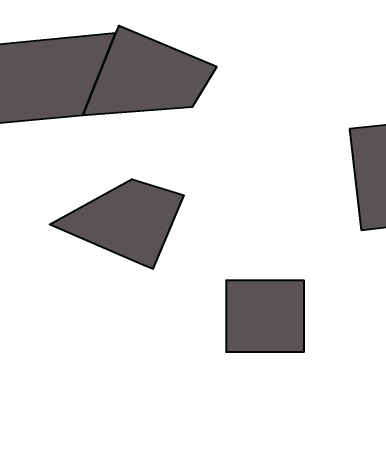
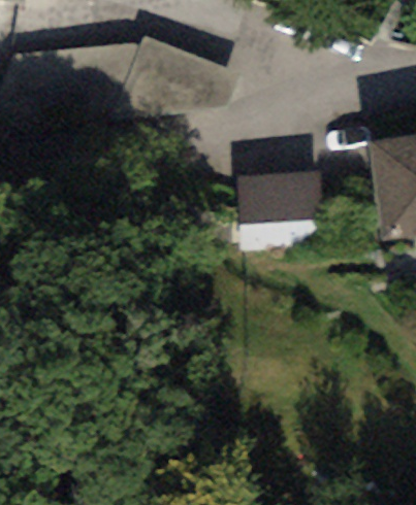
building: [50,179,184,269] -> none
building: [226,280,304,352] -> [245,177,321,247]

